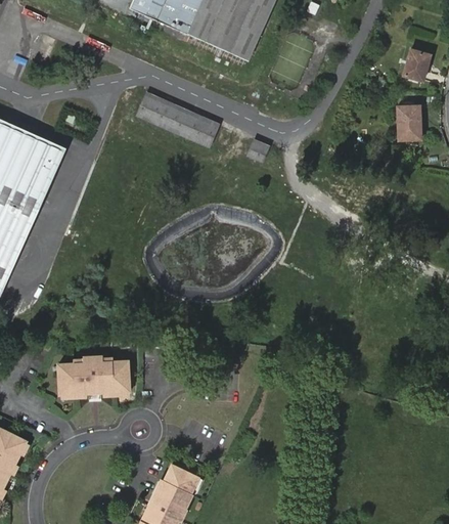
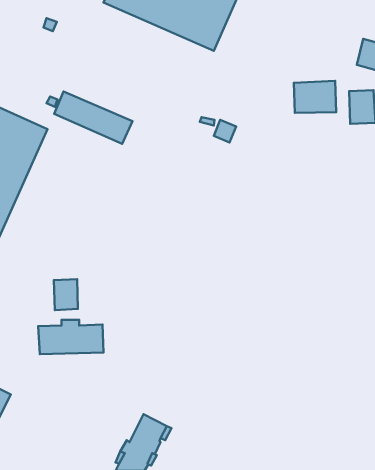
building: [135,91,221,148] -> [54,91,133,144]
building: none -> [294,81,336,113]
building: none -> [54,279,78,310]

